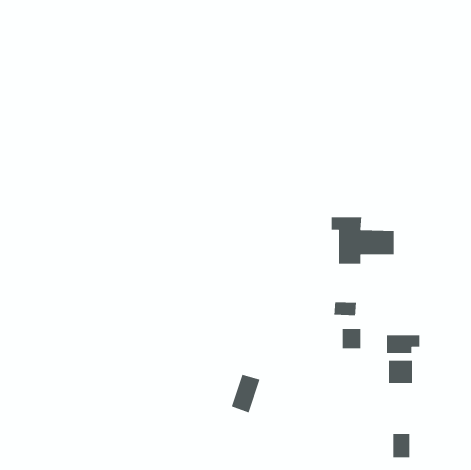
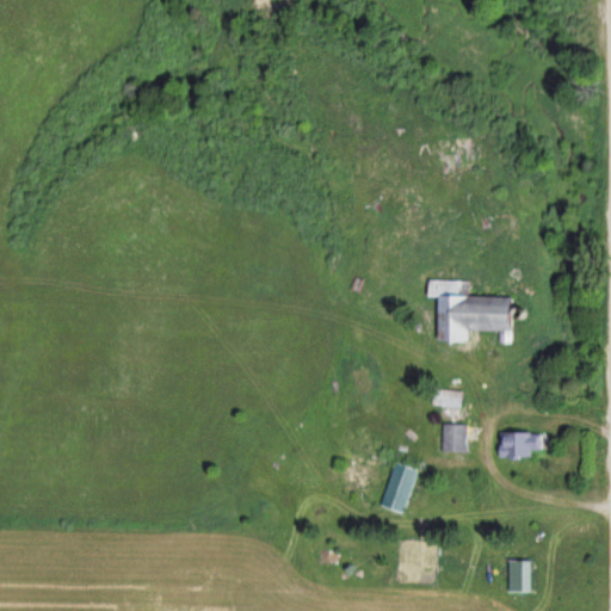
building: [388,360,413,384] -> none
building: [231,374,260,413] -> [381,462,419,513]

